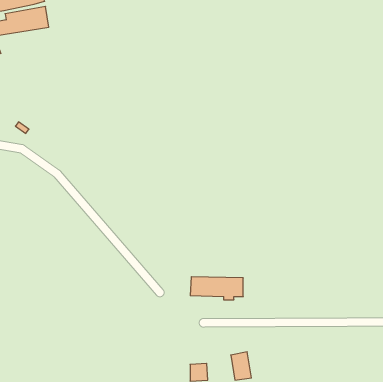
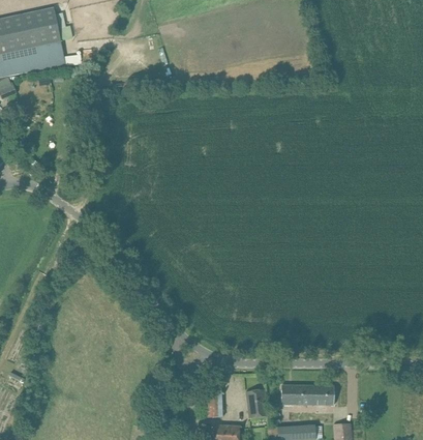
building: [190,277,243,300] -> [280,384,333,407]

